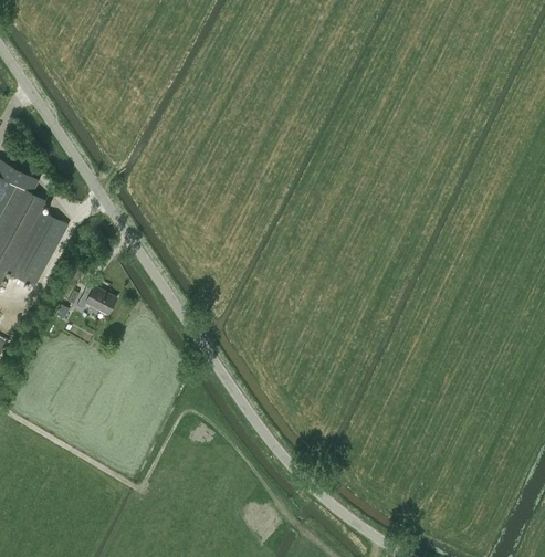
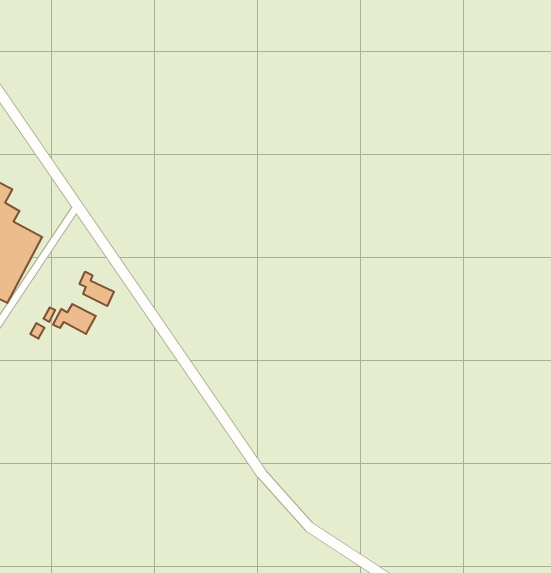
building: none -> [80,272,114,306]

